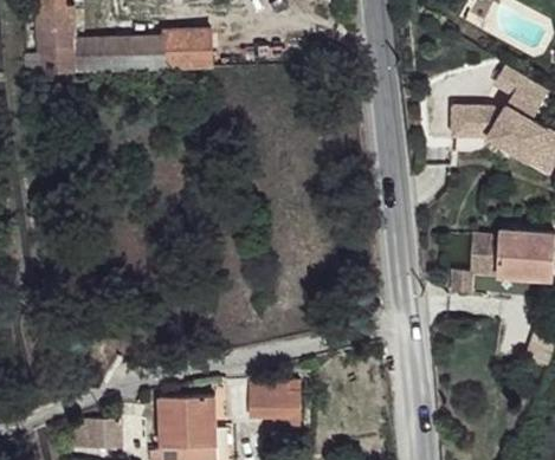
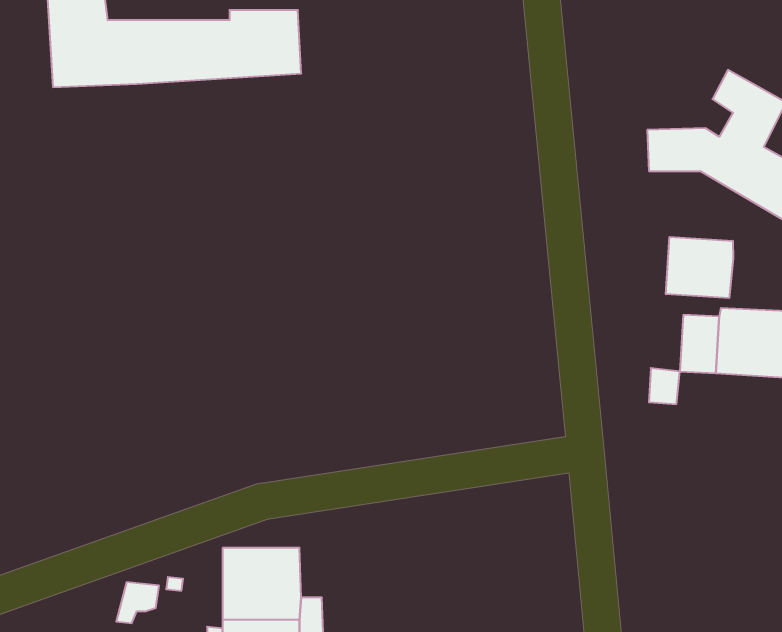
building: none -> [666,237,733,298]
building: [249,388,297,417] -> none

